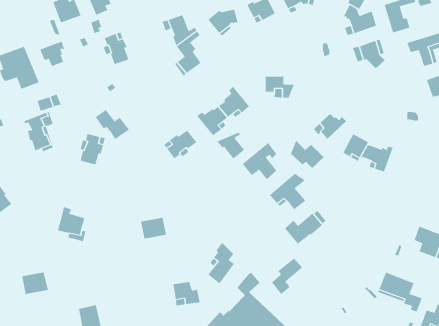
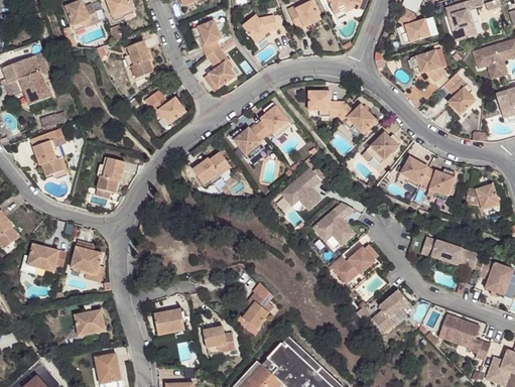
building: [40,41,65,67] -> none
building: none -> [443,74,476,115]
building: [95,109,130,140] -> [146,89,186,124]
building: [217,132,245,159] -> none
building: [290,140,324,169] -> [337,99,376,132]
building: none -> [466,184,499,210]
building: none -> [421,238,479,270]
building: none -> [21,243,59,272]
building: [140,217,167,239] -> [154,308,184,334]
building: [271,258,303,295] -> [372,291,408,334]
building: [21,272,49,295] -> [75,309,106,336]

